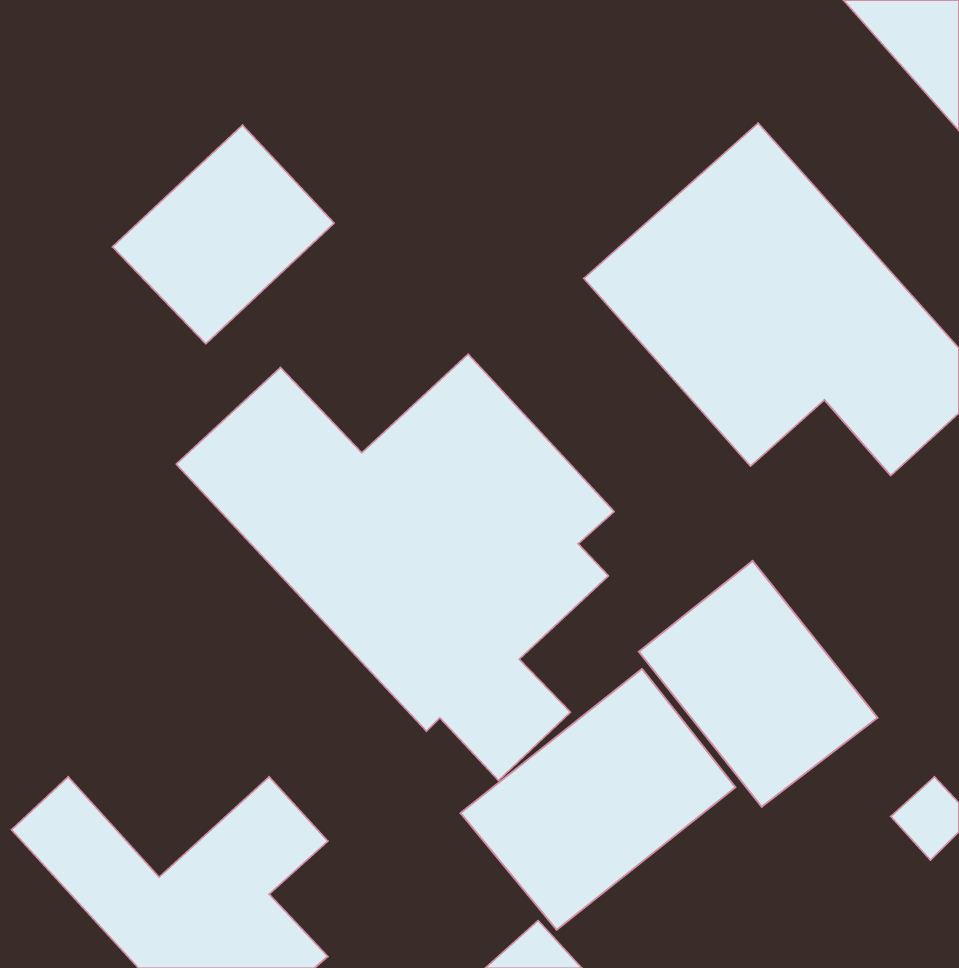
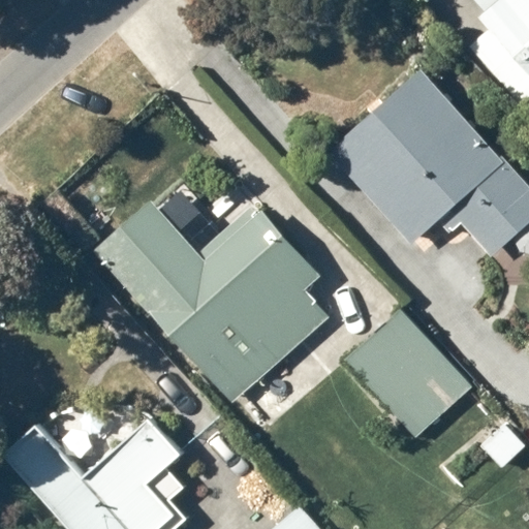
building: [112,125,334,344] -> none
building: [460,669,736,930] -> none

